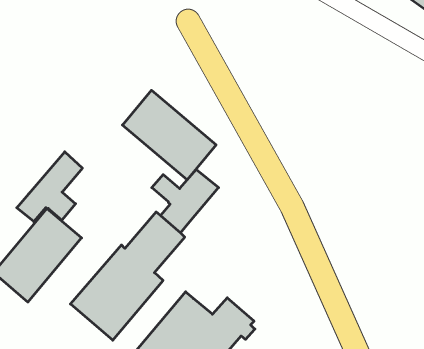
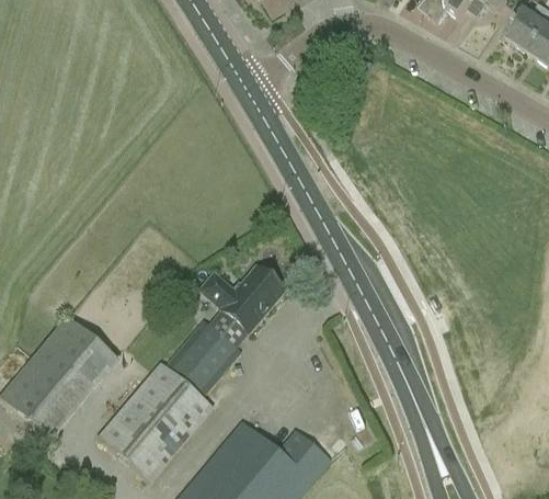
building: [122,90,216,180] -> none
building: [17,152,82,222] -> none

